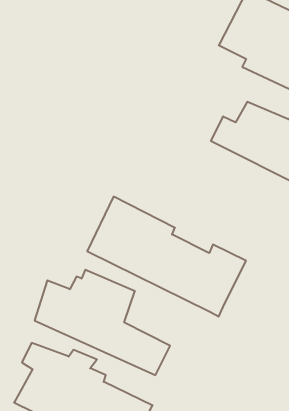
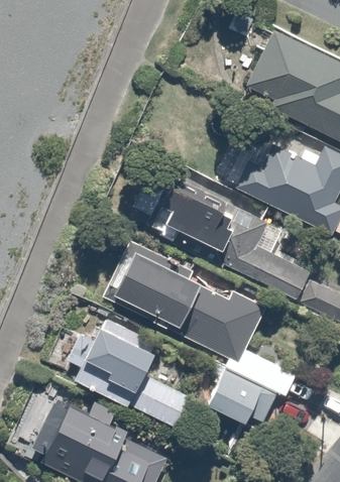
building: none -> [145,177,312,299]
building: none -> [210,354,301,429]

